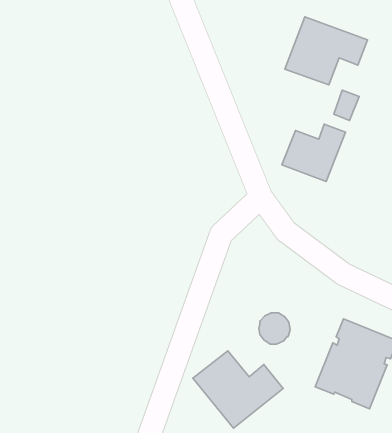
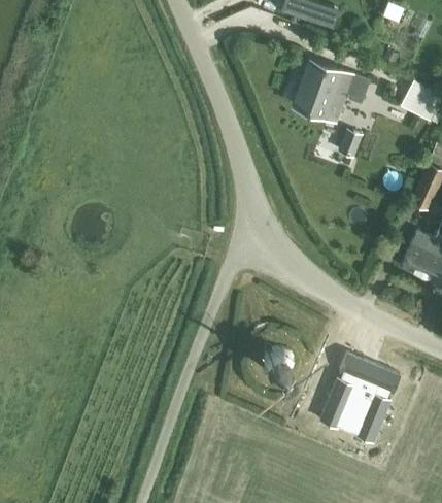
building: [282,124,345,182] -> none
building: [193,351,283,428] -> none

